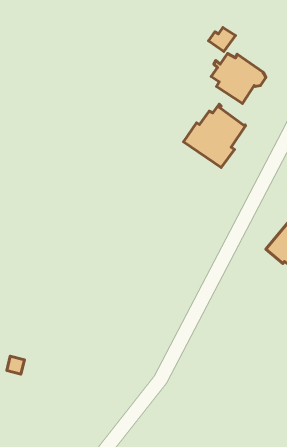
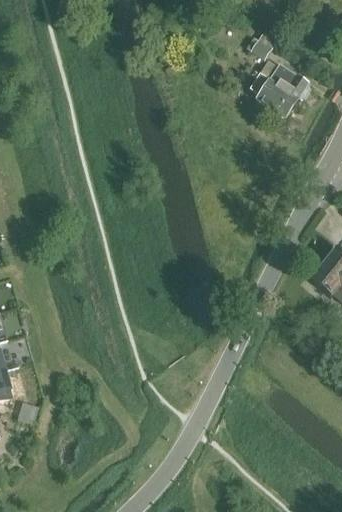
building: [184,104,246,168] -> none

